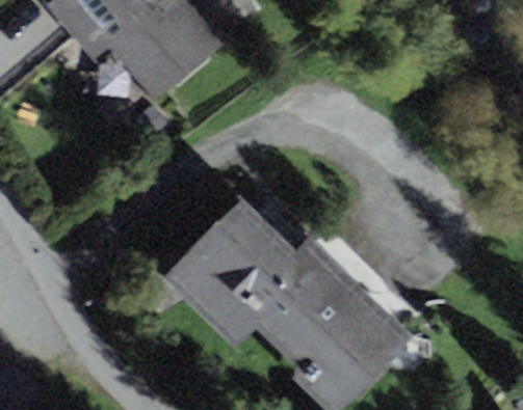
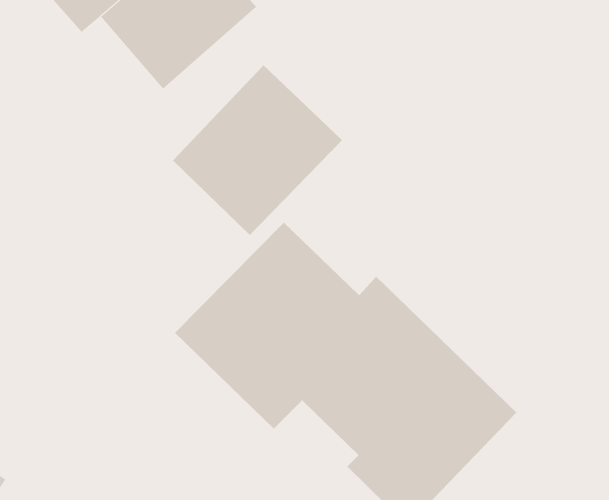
building: none -> [172,65,343,236]

